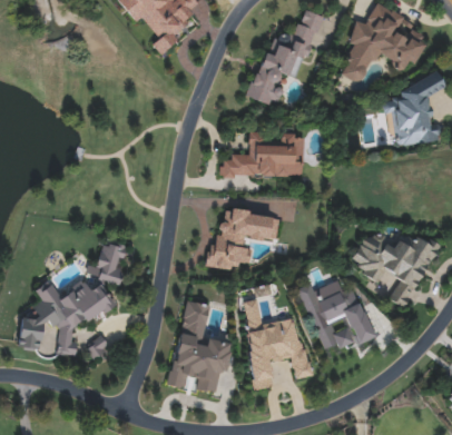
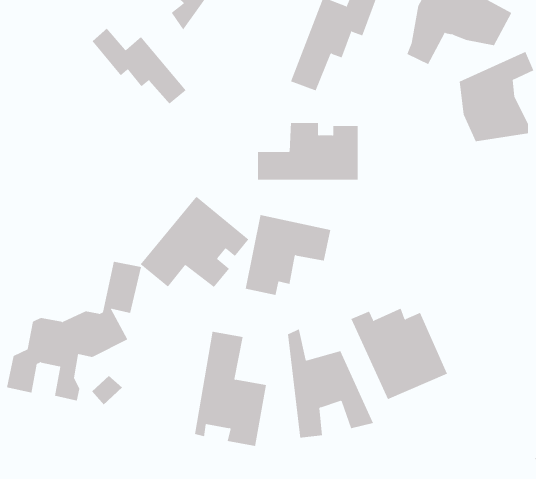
building: none -> [92,28,187,104]
building: none -> [140,196,249,288]
building: [351,229,439,309] -> none

